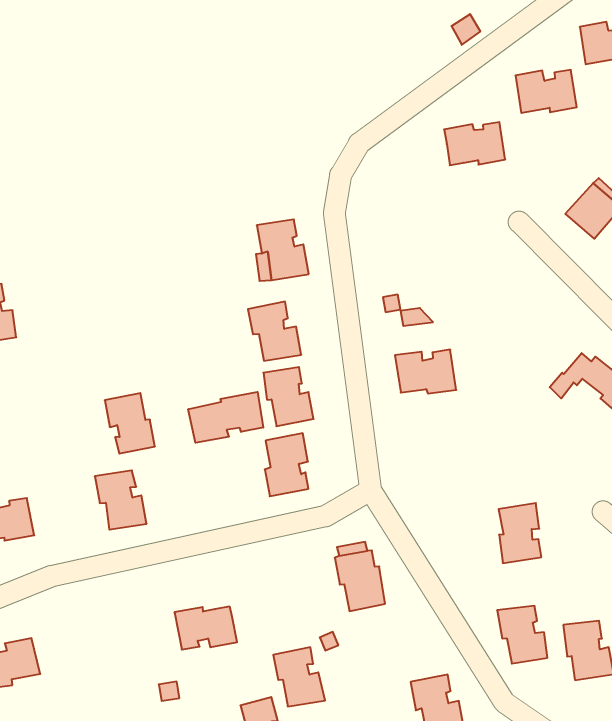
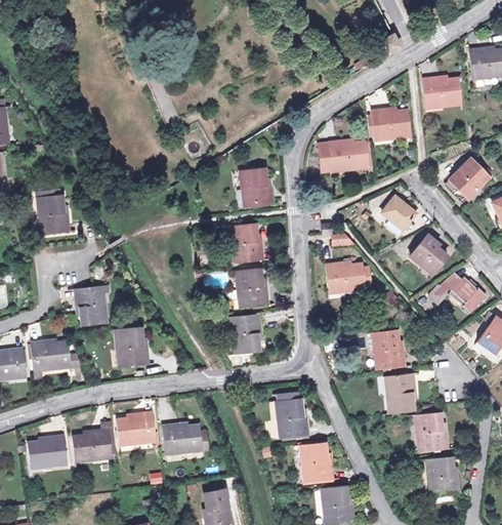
building: none -> [319,143,369,172]
building: none -> [381,196,416,230]
building: none -> [409,236,446,275]
building: [188,392,263,443] -> none
building: [105,393,155,454] -> [76,287,108,327]
building: none -> [371,327,404,367]
building: none -> [118,414,157,447]
building: [497,606,547,664] -> [414,412,446,450]
building: none -> [73,431,114,463]
building: [273,647,325,706] -> [298,441,331,480]

